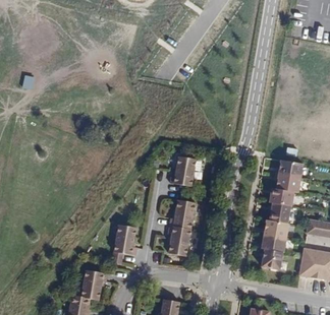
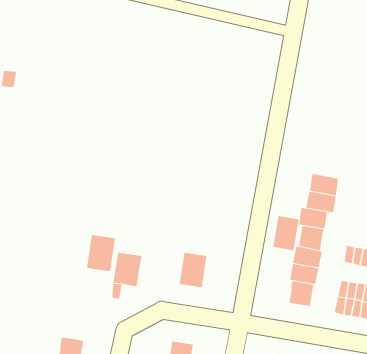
building: [174,154,197,185] -> none
building: none -> [273,215,299,251]
building: [173,199,197,228] -> none
building: [80,268,105,299] -> [86,235,116,271]

